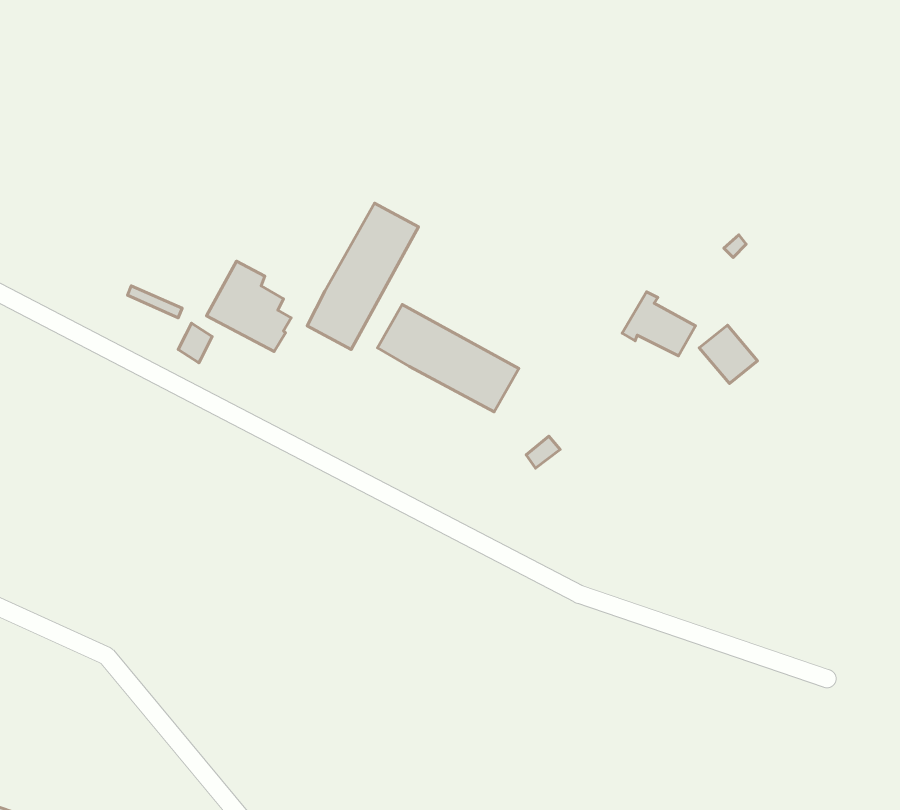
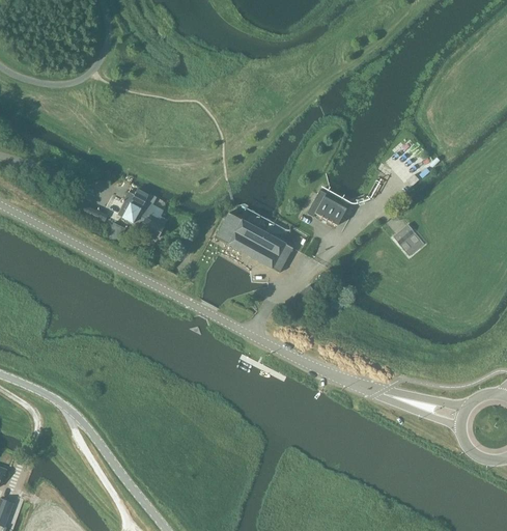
building: [307,203,419,349] -> none
building: [622,292,695,356] -> [308,189,348,224]

